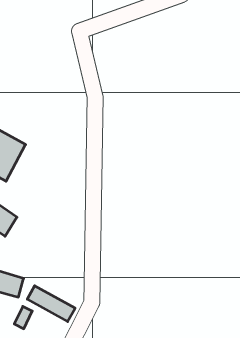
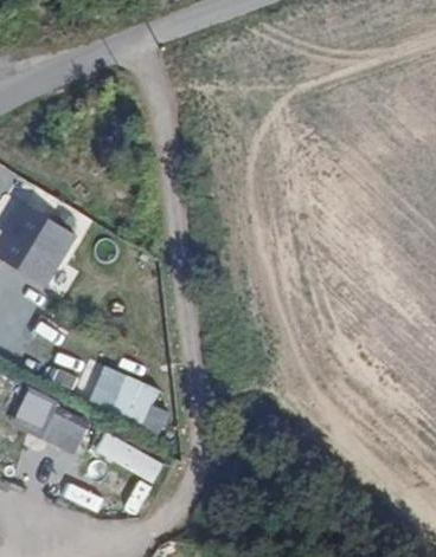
building: none -> [86,364,156,421]

